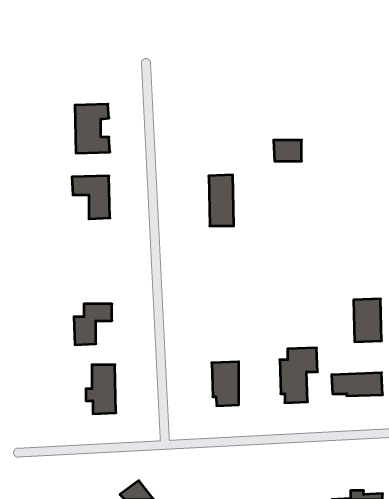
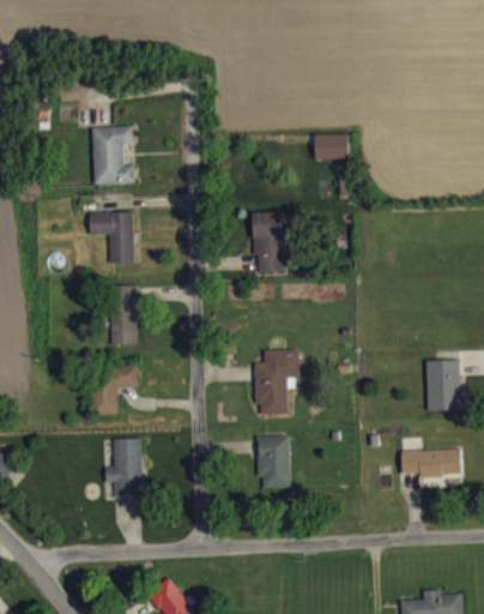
building: [274,140,302,161] -> [314,134,347,159]
building: none -> [110,285,138,345]
building: [280,348,318,403] -> [254,349,300,415]

